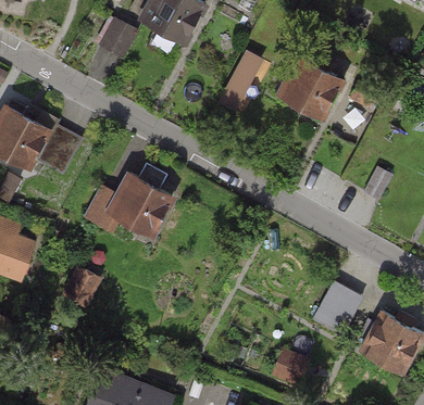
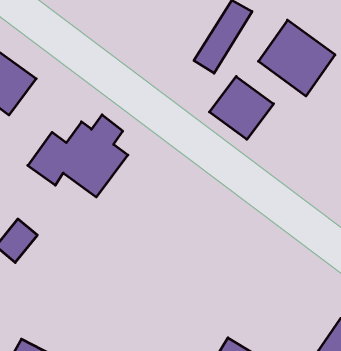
building: none -> [209,76,274,139]
building: [314,280,363,333] -> none

